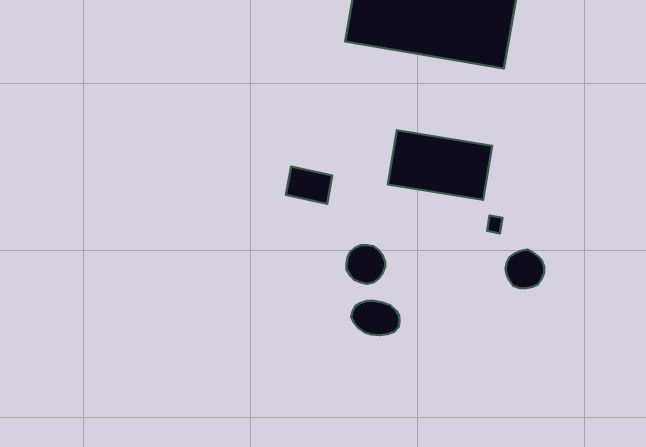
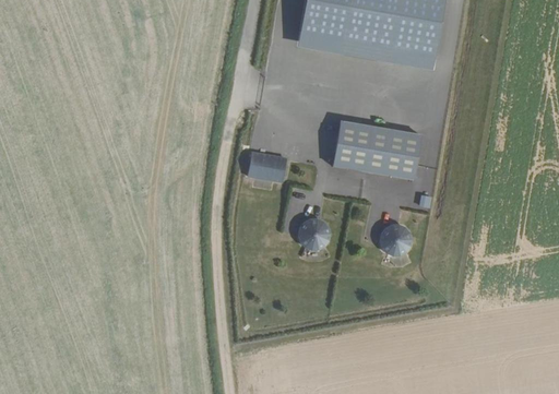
building: [505,250,544,288] -> [380,222,413,254]
building: [351,301,400,335] -> none

